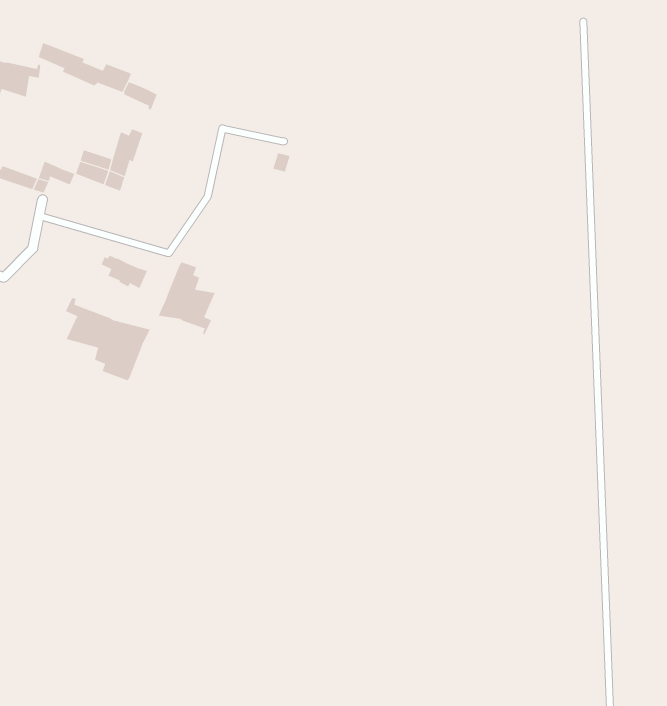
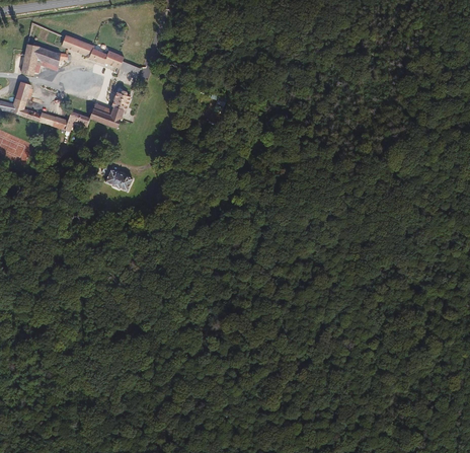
building: [158,262,216,335] -> none
building: [65,297,150,381] -> none

